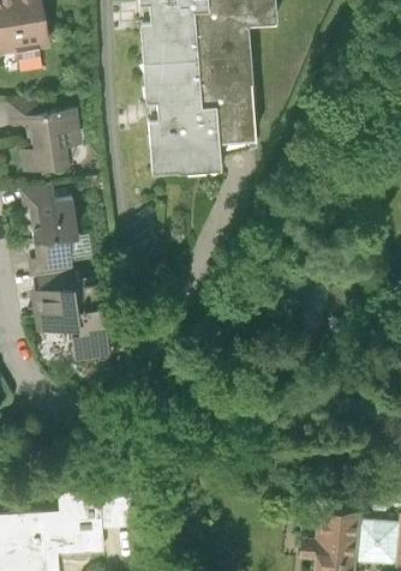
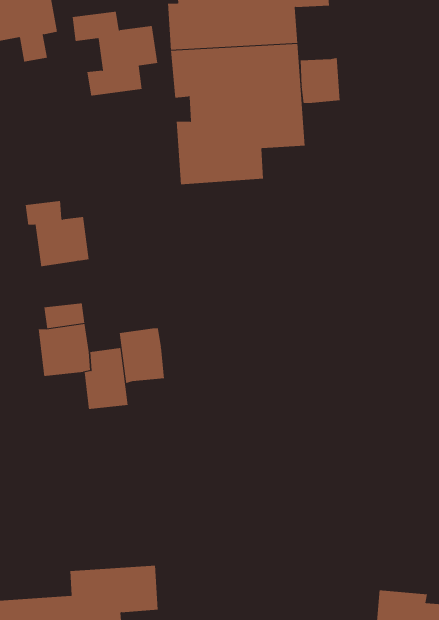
building: none -> [300,57,340,104]
building: [10,100,82,170] -> [72,11,158,96]
building: [30,236,71,276] -> none
building: none -> [119,328,165,384]

